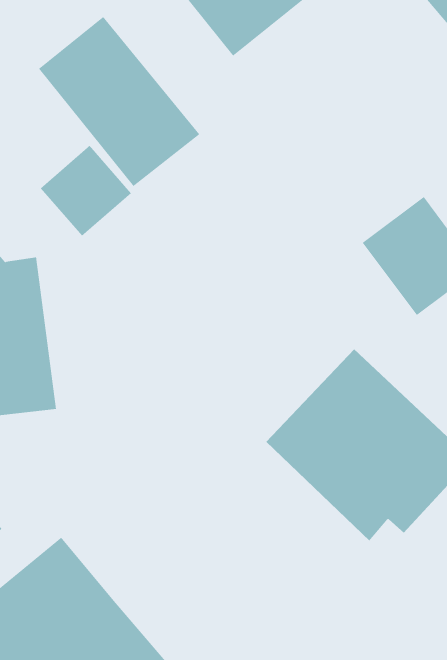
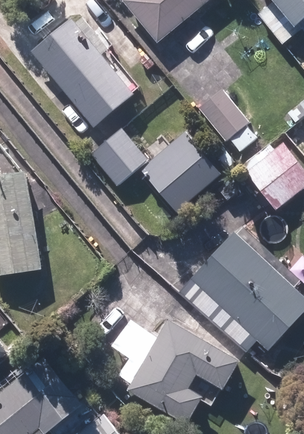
building: none -> [197,90,257,153]
building: [40,145,132,237] -> [88,127,147,186]
building: none -> [141,133,221,212]
building: none -> [111,320,241,422]

